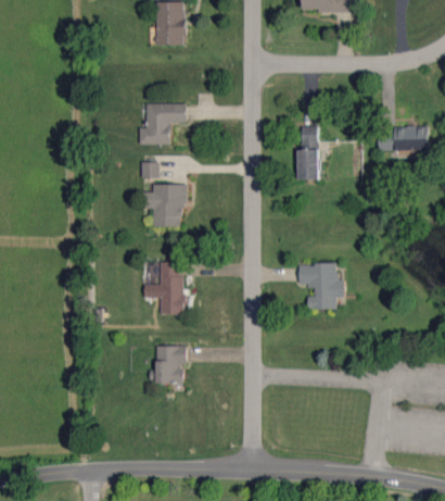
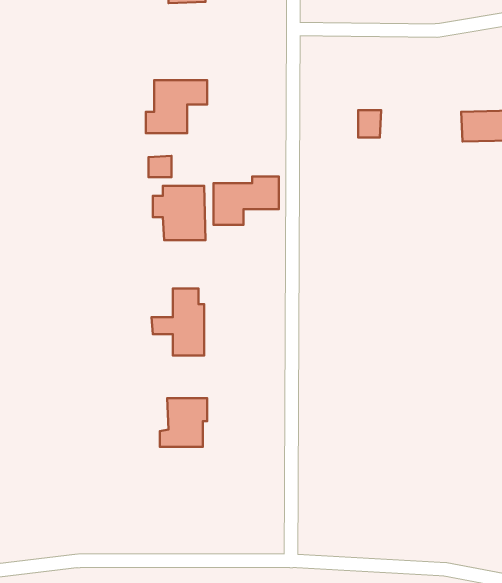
building: [297,149,319,179] -> none
building: none -> [213,176,279,225]
building: [298,263,343,309] -> none

